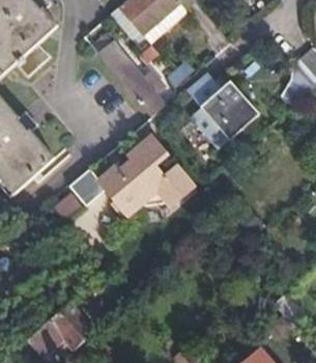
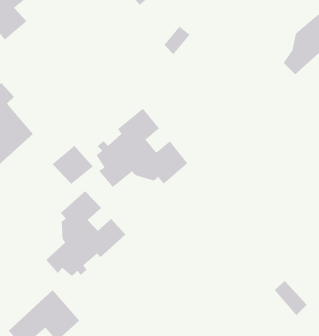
building: [103,48,166,117] -> none
building: [185,72,257,148] -> none
building: none -> [46,190,126,277]

